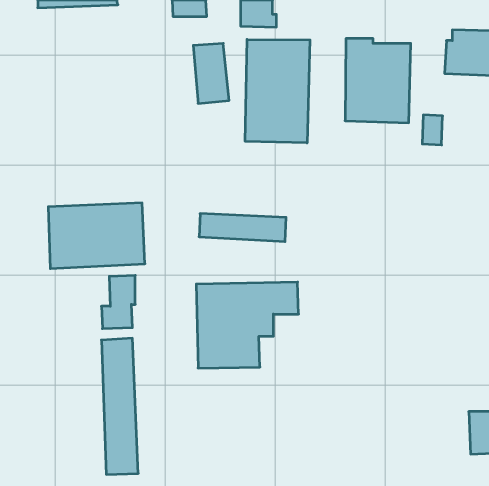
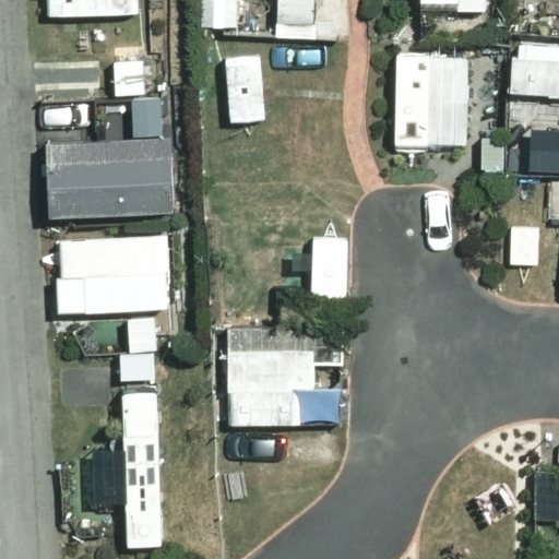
building: [245,39,310,143] -> none
building: none -> [45,98,174,218]

